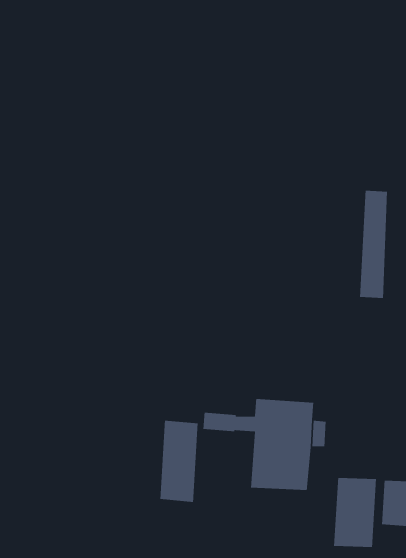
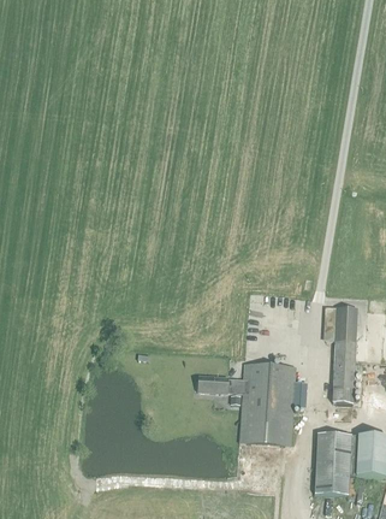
building: [359,190,388,299] -> [331,307,356,403]
building: [159,420,199,503] -> none

